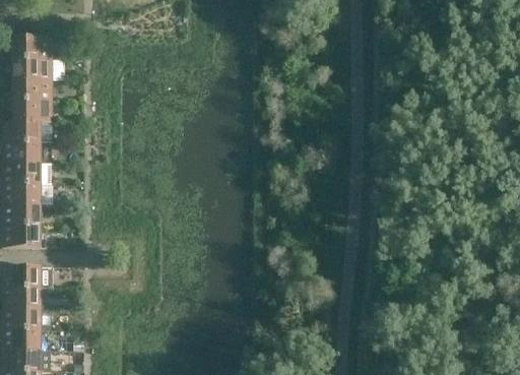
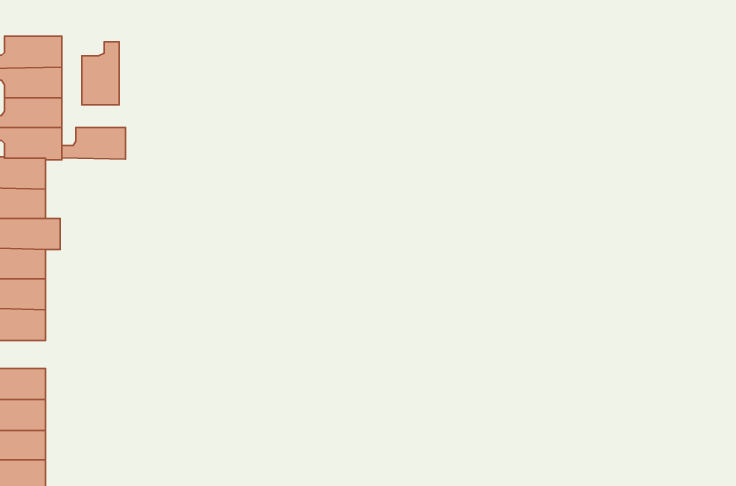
building: none -> [82,42,119,105]
building: none -> [62,128,125,159]

